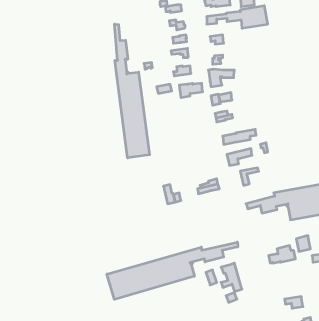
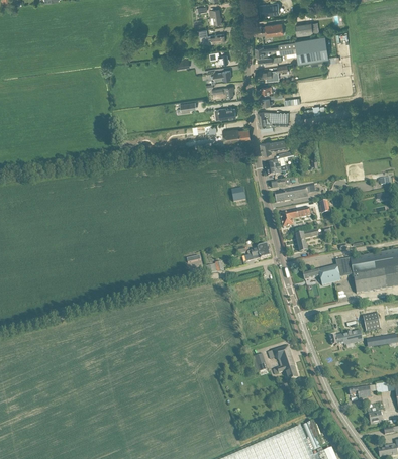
building: [115,24,150,158] -> none
building: [107,242,238,299] -> none

